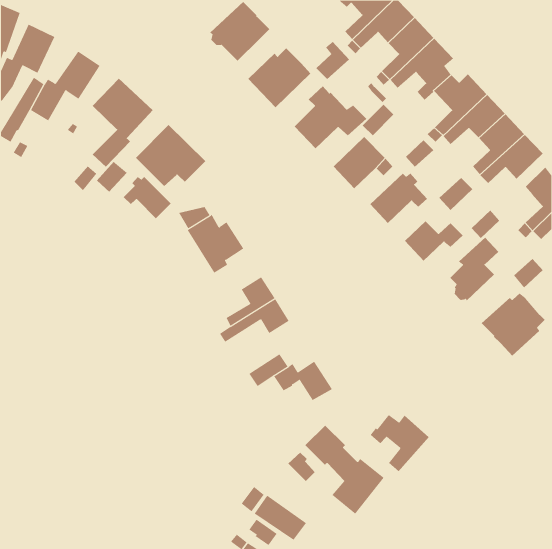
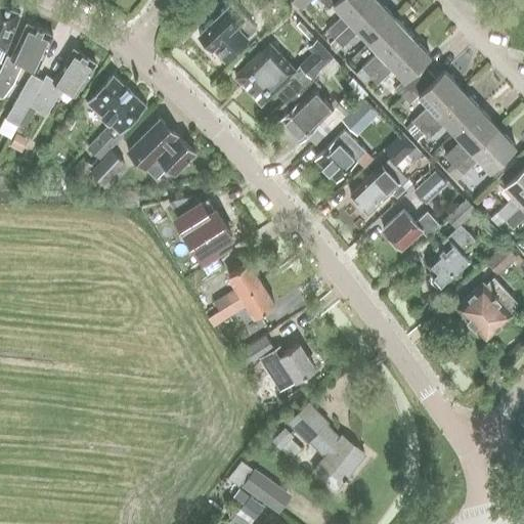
building: [123,176,172,219] -> none
building: [370,414,430,472] -> none

